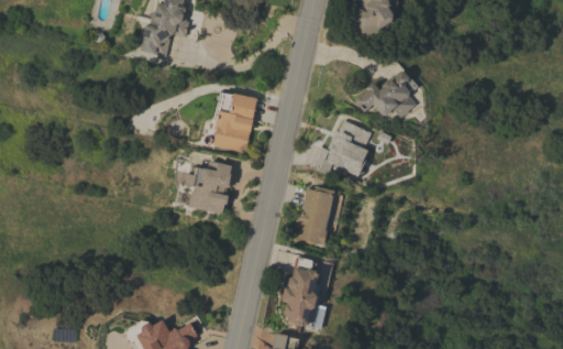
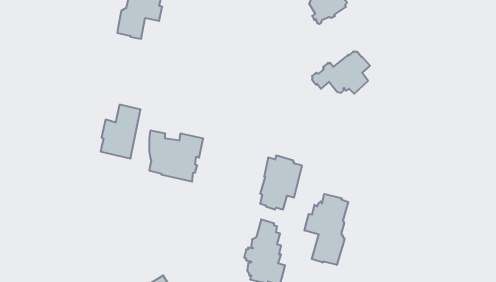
building: [212,92,256,152] -> [101,105,141,159]
building: [309,119,371,175] -> none
building: none -> [304,194,348,265]

